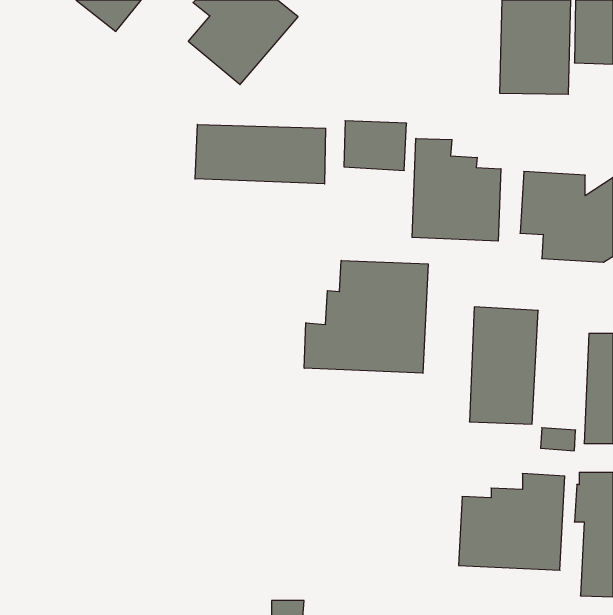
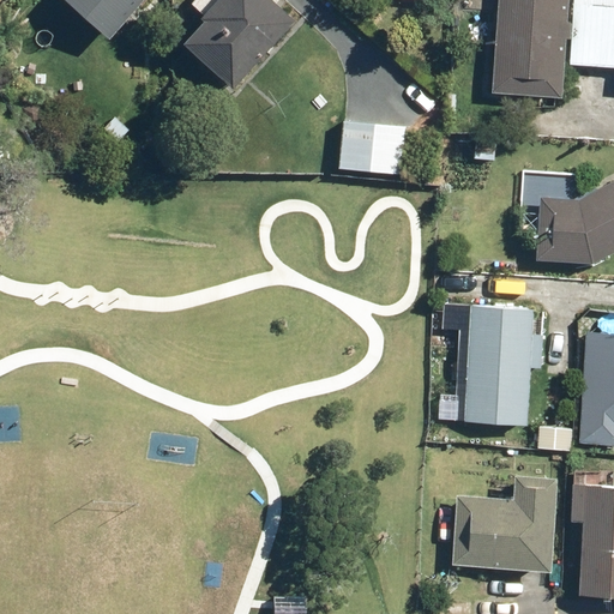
building: [195,124,326,184] -> none
building: [412,138,501,241] -> none
building: [304,260,428,373] -> none

